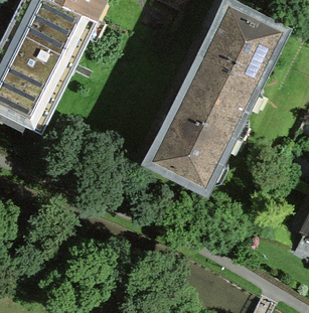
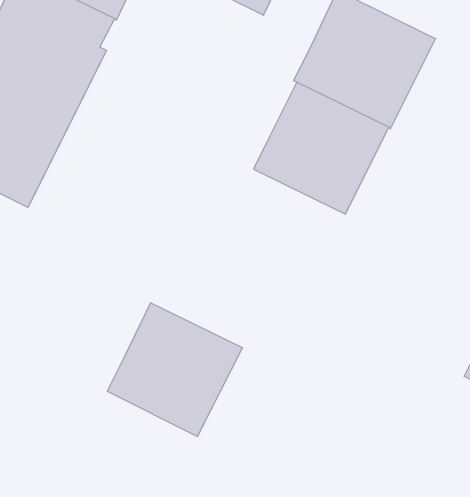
building: [148,109,229,189] -> [107,303,243,436]

